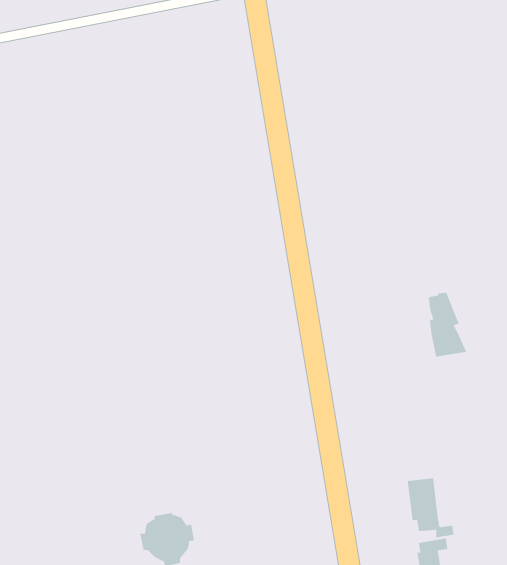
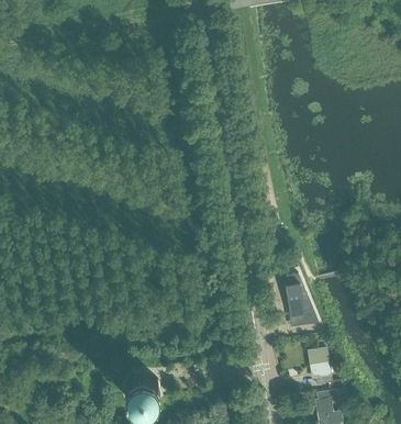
building: [428,292,467,357] -> [286,276,313,321]

